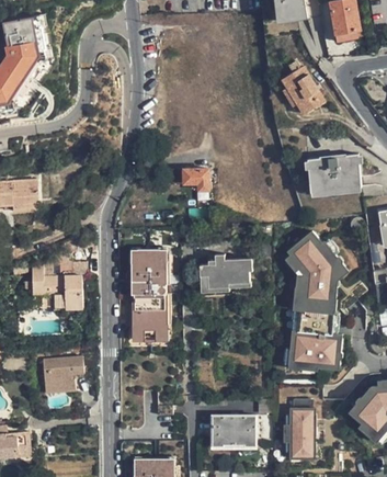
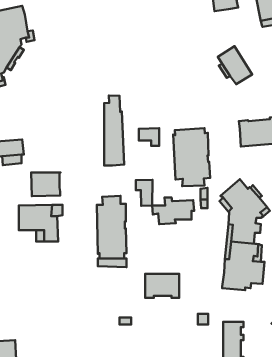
building: none -> [104,95,124,165]
building: none -> [173,128,210,186]
building: none -> [31,172,61,196]
building: none -> [136,180,152,206]
building: [43,355,83,390] -> none
building: [212,416,254,445] -> [145,274,179,298]

